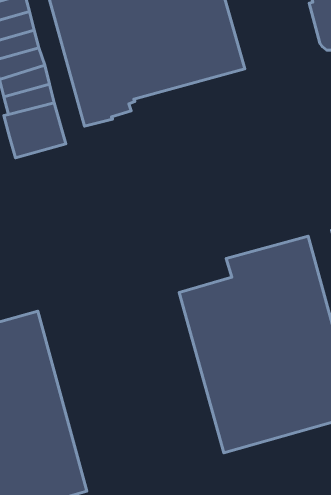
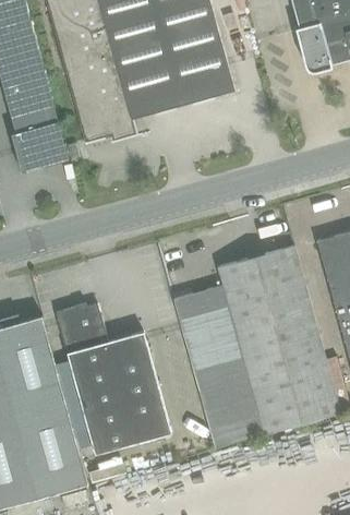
building: none -> [56,304,172,455]

